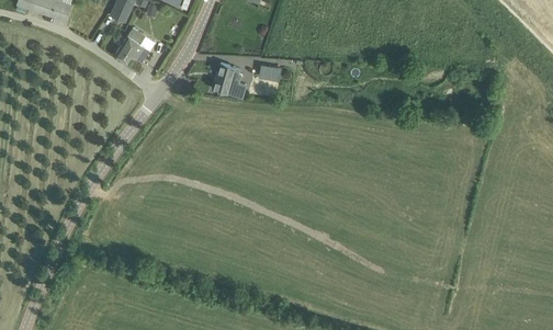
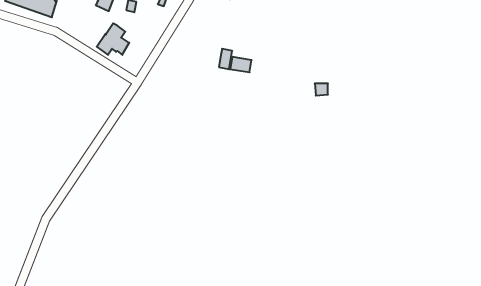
building: [213,62,247,100] -> none

